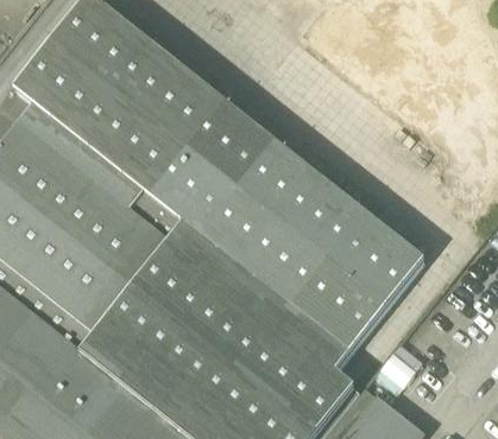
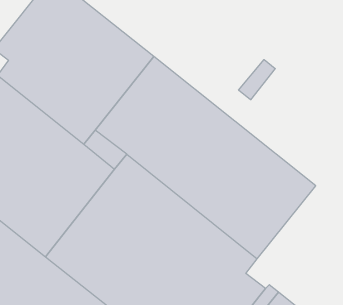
building: none -> [239,60,275,100]

